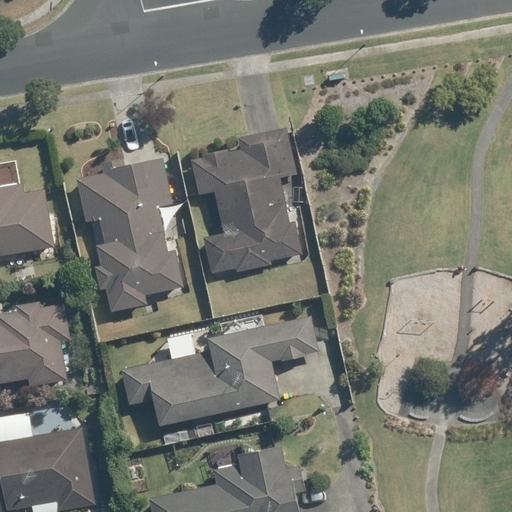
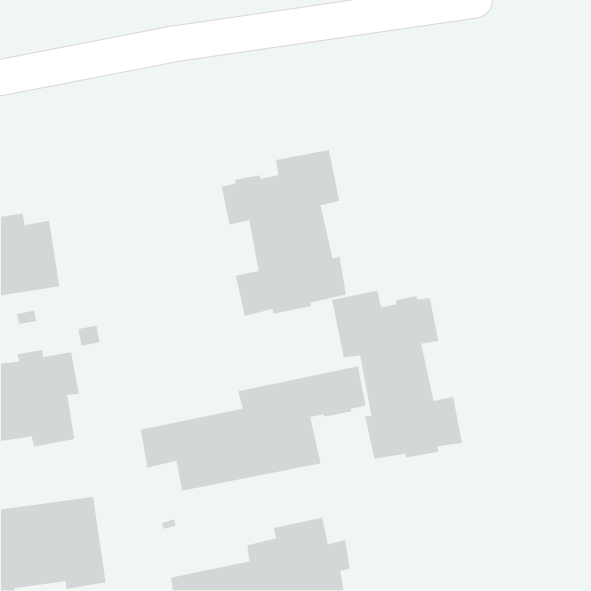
building: [75,158,182,312] -> none
building: none -> [331,290,463,460]

